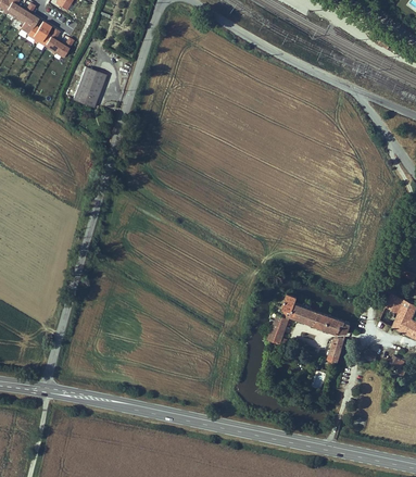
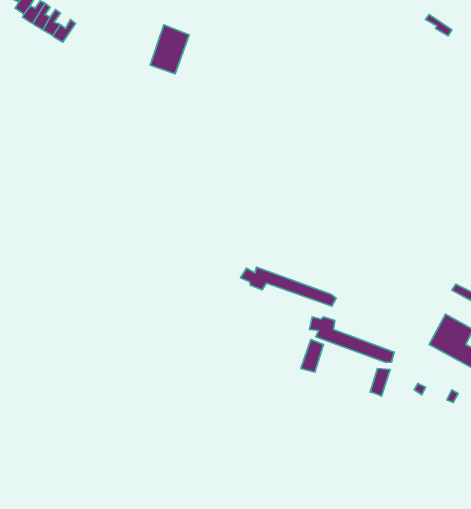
building: [75,65,109,108] -> [150,25,189,74]
building: none -> [241,267,336,306]

